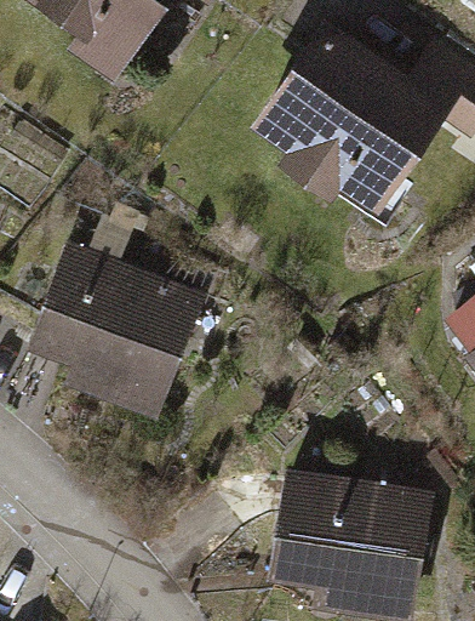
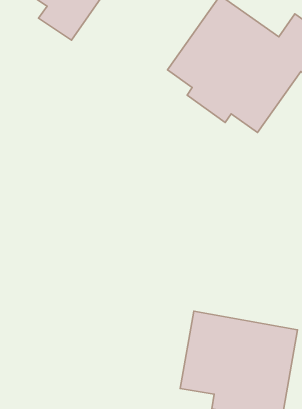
building: [25,240,206,418] -> none

